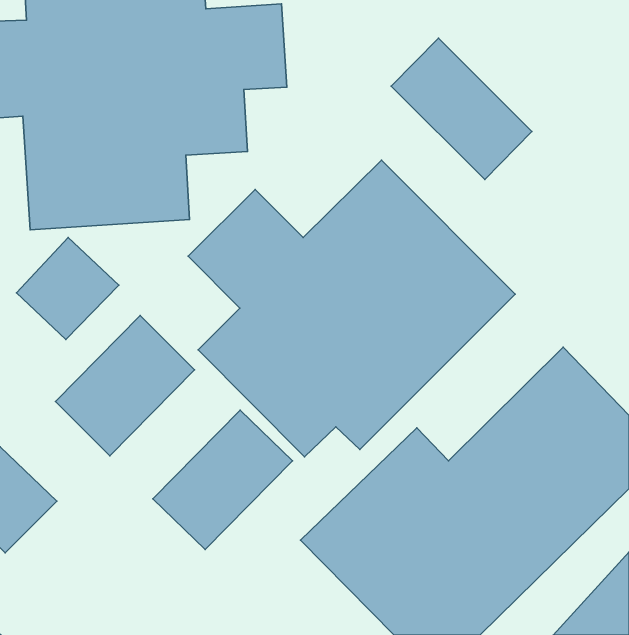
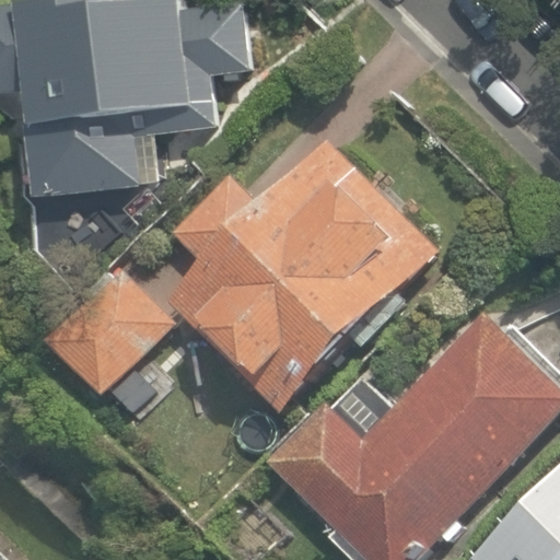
building: [391,38,532,179] -> none
building: [153,410,292,550] -> none

